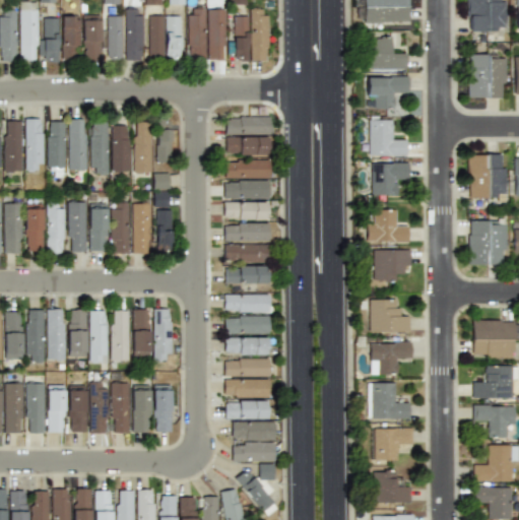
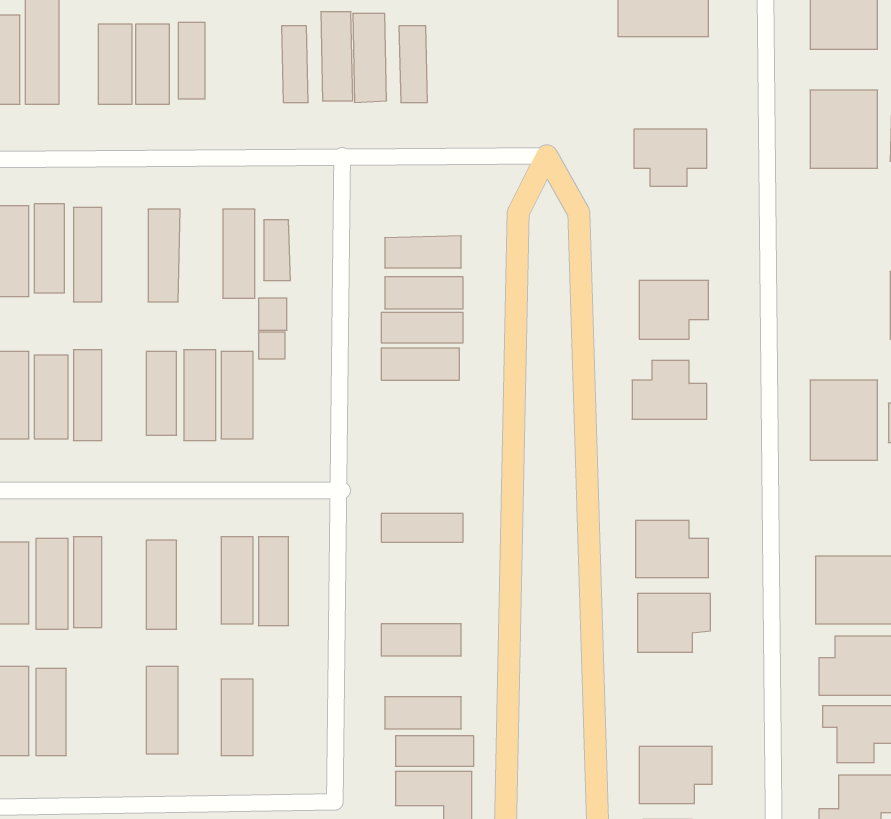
building: [127,8,146,60] -> none
building: [251,10,270,62] -> none
building: [150,16,167,58] -> none
building: [46,18,60,62] -> none
building: [371,37,407,69] -> none
building: [226,117,272,136] -> none
building: [370,119,408,156] -> none
building: [70,120,87,170] -> none
building: [113,124,131,171] -> none
building: [469,154,508,198] -> none
building: [70,202,87,252] -> none
building: [157,209,172,252] -> none
building: [224,223,271,241] -> none
building: [224,245,269,262] -> none
building: [375,250,411,280] -> none
building: [225,266,269,284] -> none
building: [69,310,87,358] -> none
building: [113,310,130,362] -> none
building: [225,317,271,333] -> none
building: [225,337,269,354] -> none
building: [224,380,271,397] -> none
building: [371,383,411,419] -> none
building: [113,384,130,434] -> none
building: [155,385,173,432] -> none
building: [49,386,66,433] -> none
building: [70,386,87,433] -> none

